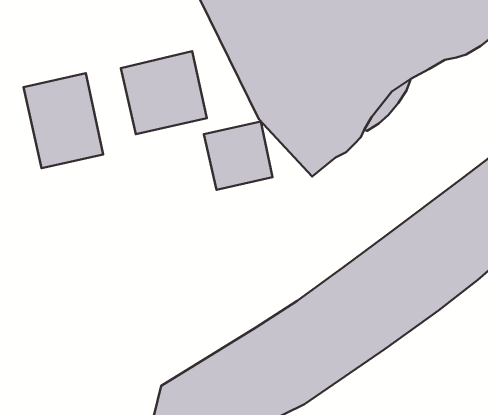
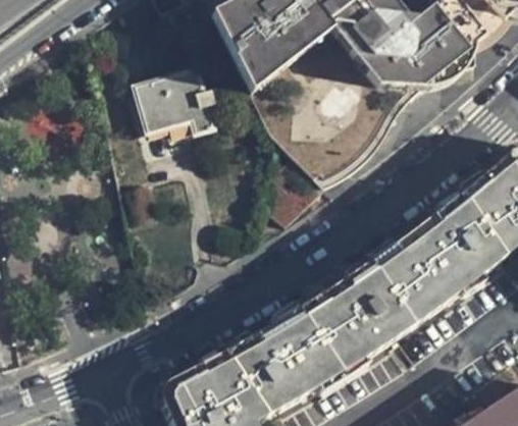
building: [23,73,103,168] -> none
building: [204,121,272,190] -> none

